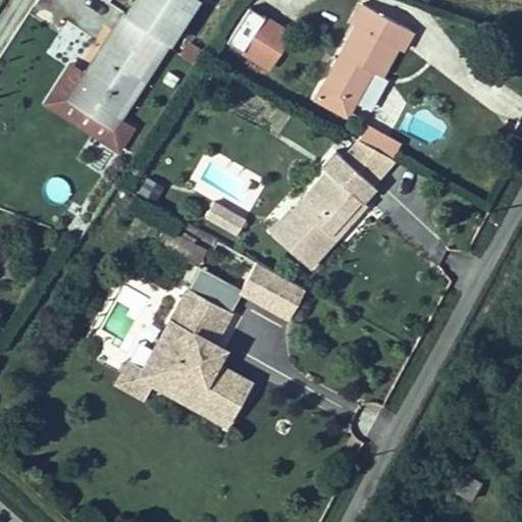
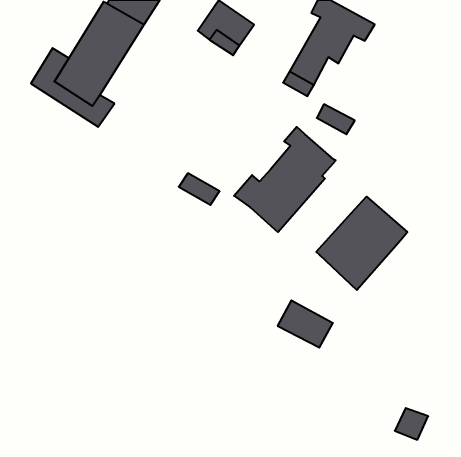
building: [346,141,399,187] -> none
building: none -> [316,197,407,290]
building: [246,265,308,318] -> [278,300,333,348]
building: [115,275,253,428] -> none

